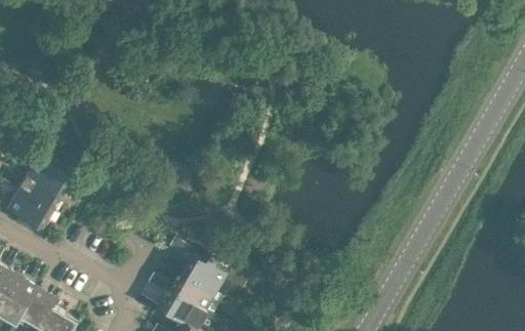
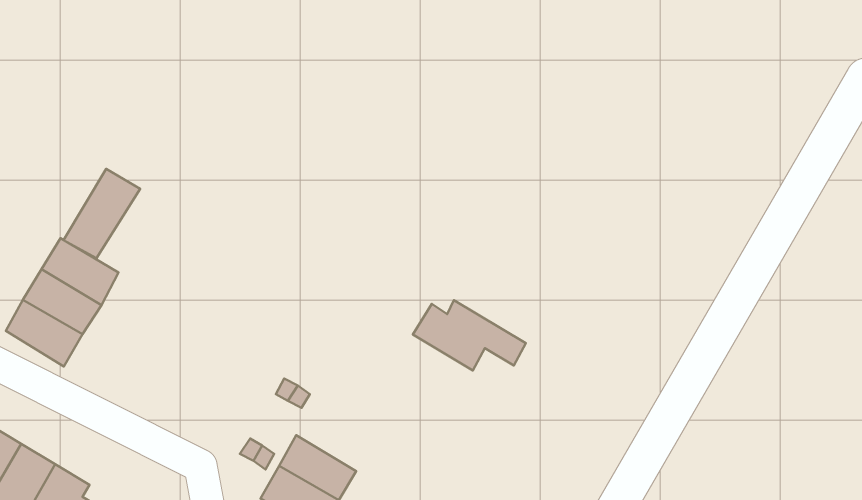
building: none -> [63,169,140,258]
building: [179,249,247,291] -> [413,300,526,371]

